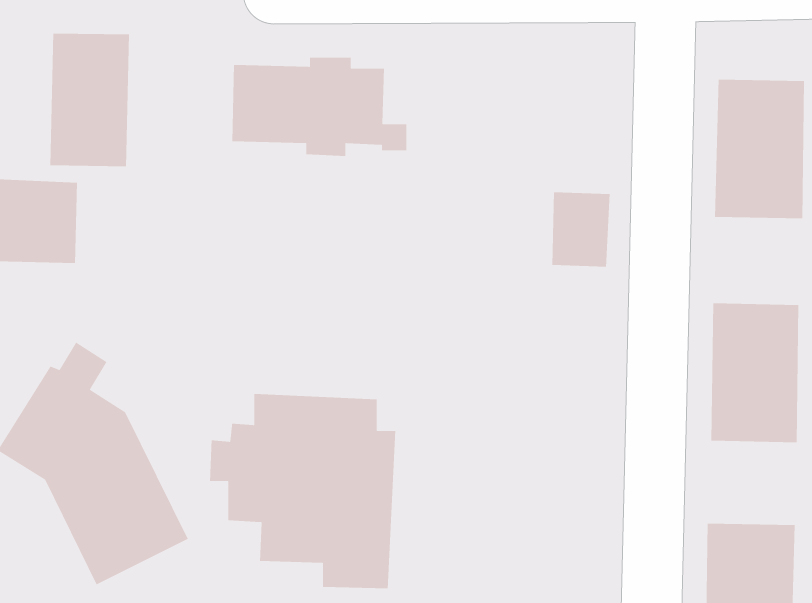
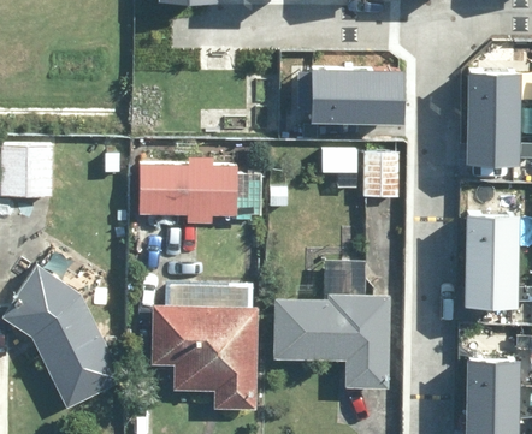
building: [49,33,130,167] -> none
building: [231,57,407,157] -> [137,159,252,224]
building: none -> [308,67,402,127]
building: none -> [272,293,390,390]

